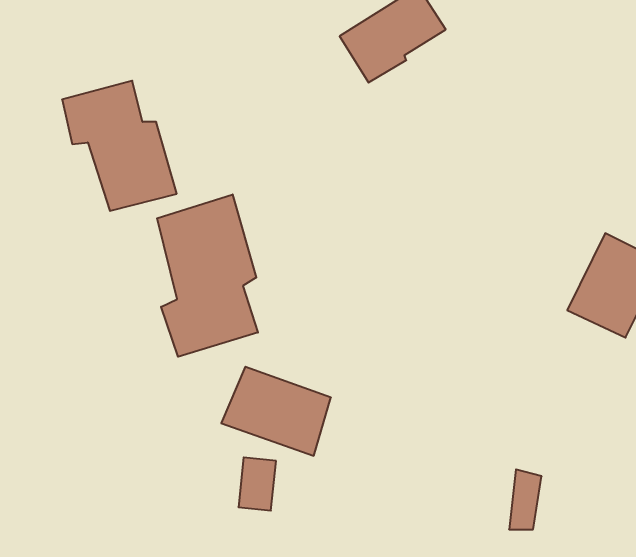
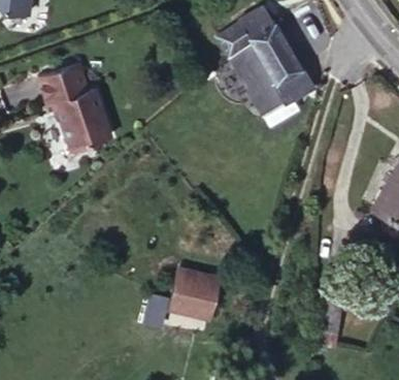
building: none -> [236,40,315,134]
building: [157,194,258,357] -> none

